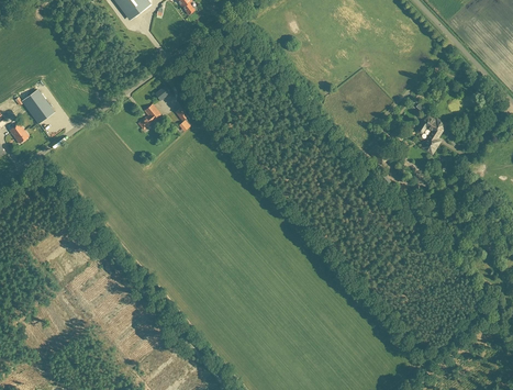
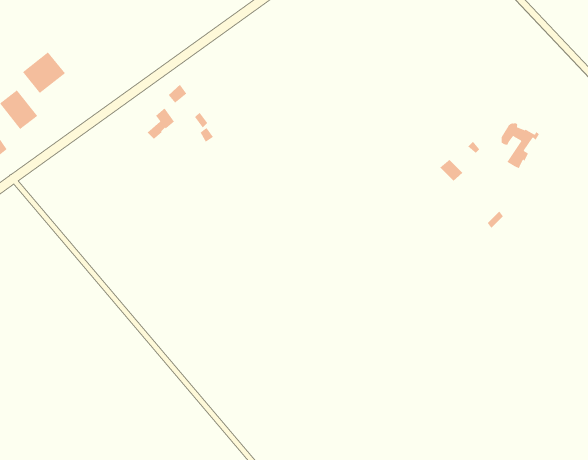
building: none -> [22,51,66,94]

